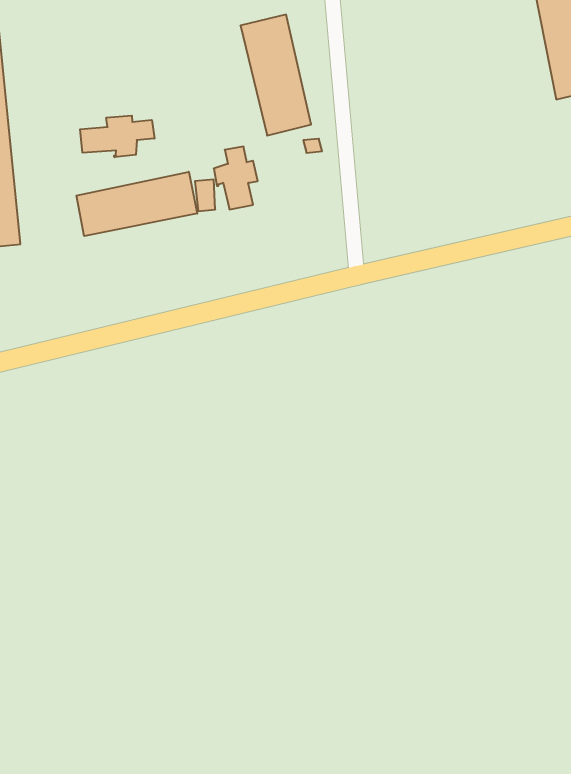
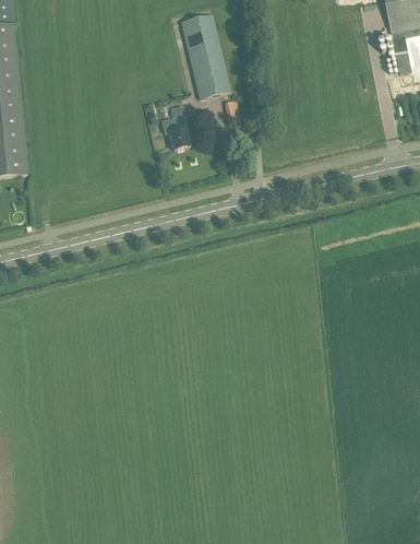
building: [80,116,154,157] -> none
building: [76,172,197,236] -> none

